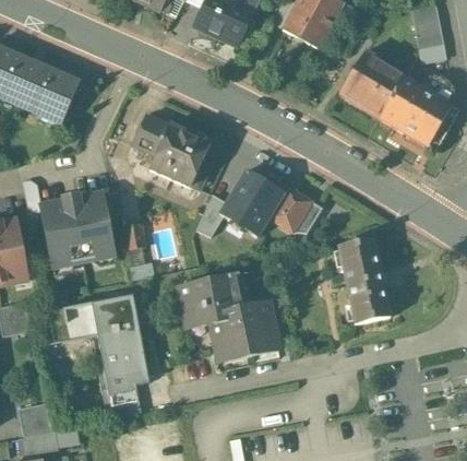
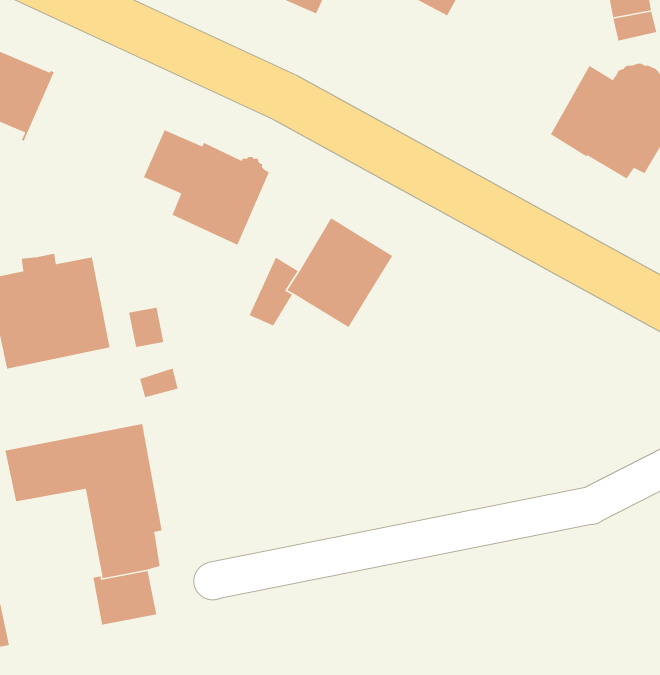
building: [339,49,404,118] -> none
building: [270,185,323,232] -> none
building: [338,238,390,322] -> none
building: [178,271,278,362] -> none

